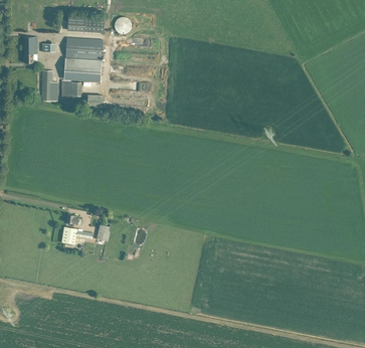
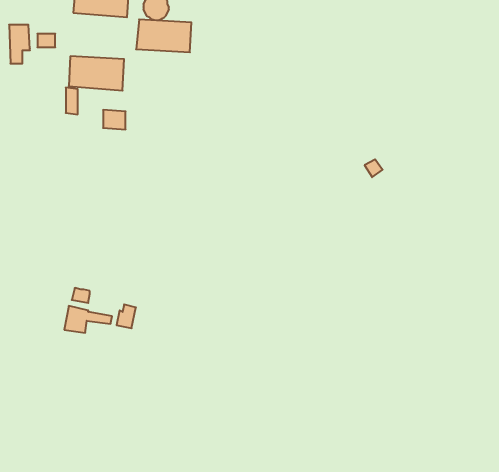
building: [65,37,103,59] -> [136,19,191,52]
building: [41,69,58,100] -> none

